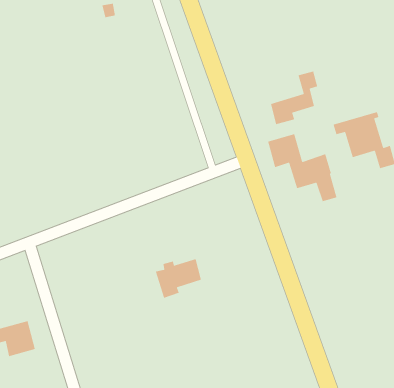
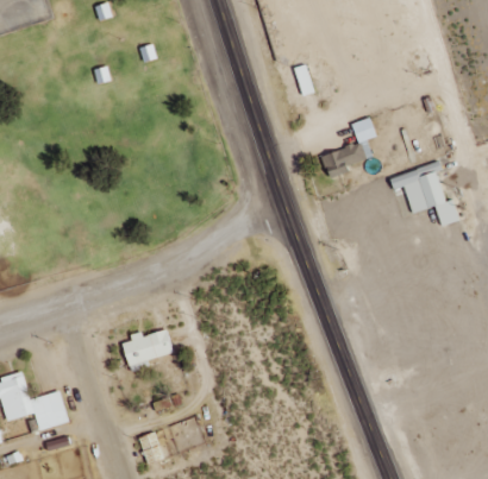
building: [267,133,338,202] -> none
building: [155,258,202,299] -> [121,328,173,372]

